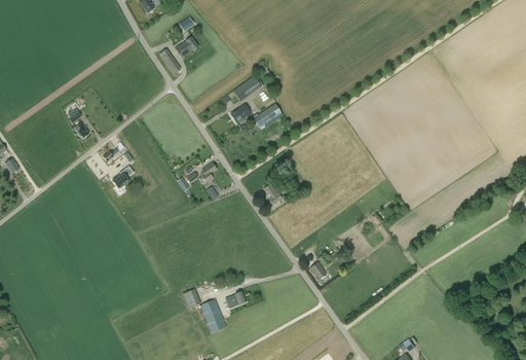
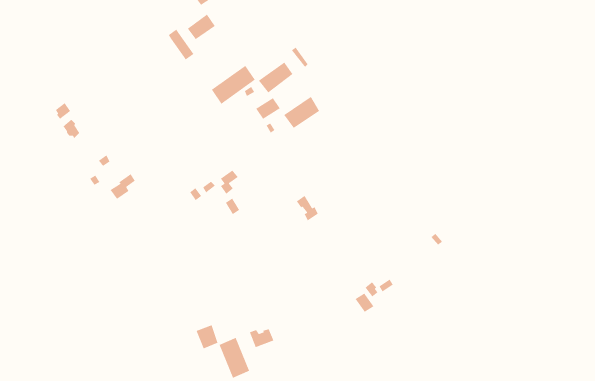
building: none -> [211,65,256,105]

